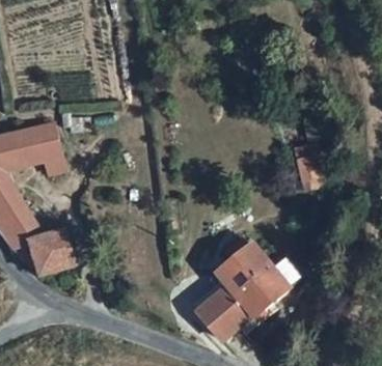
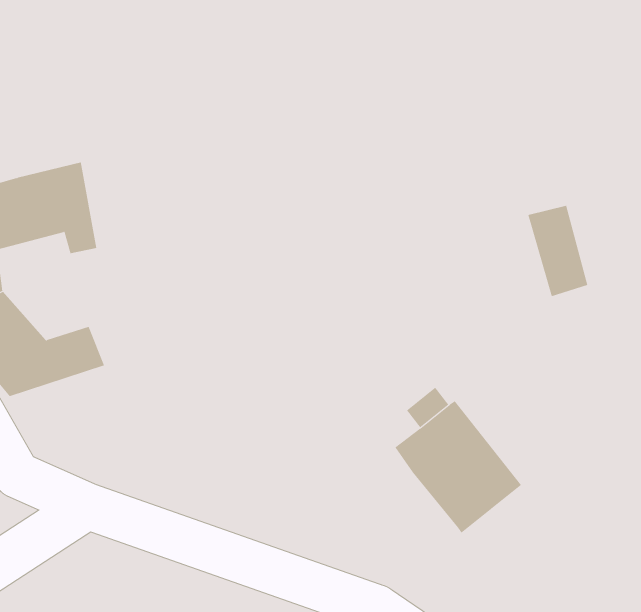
building: [12,229,76,279] -> none
building: [197,286,250,339] -> none

